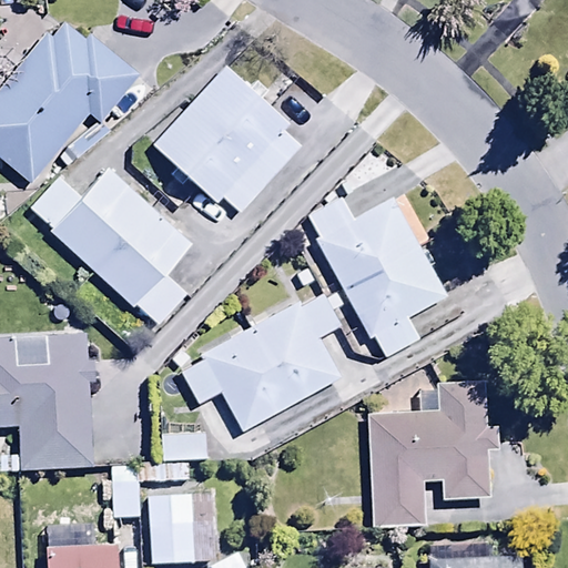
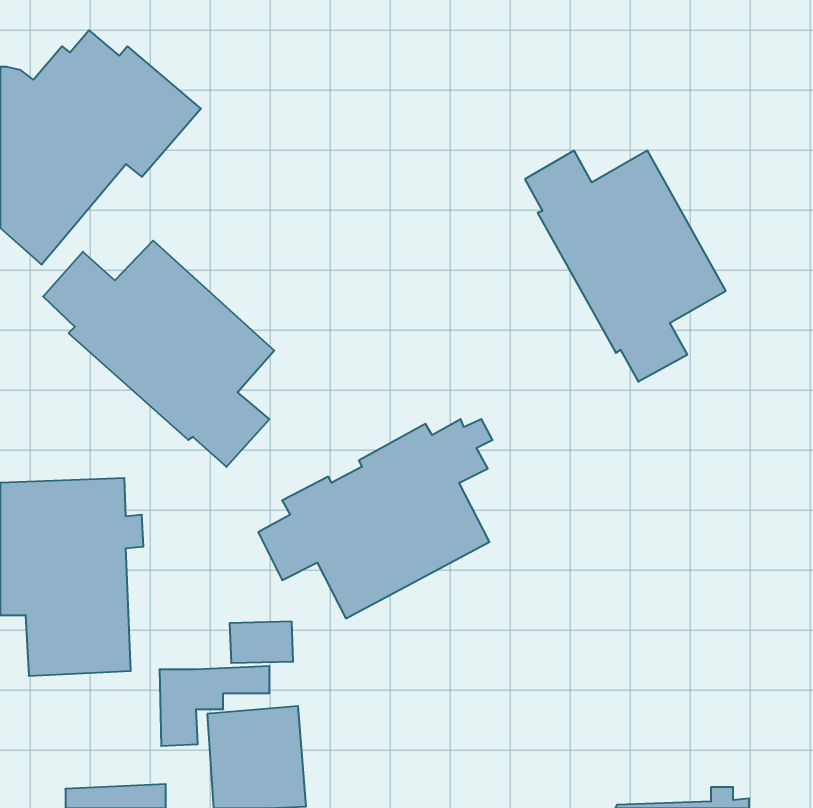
building: [153,63,301,212] -> none
building: [307,196,447,357] -> [525,151,726,382]
building: [367,379,498,529] -> none

